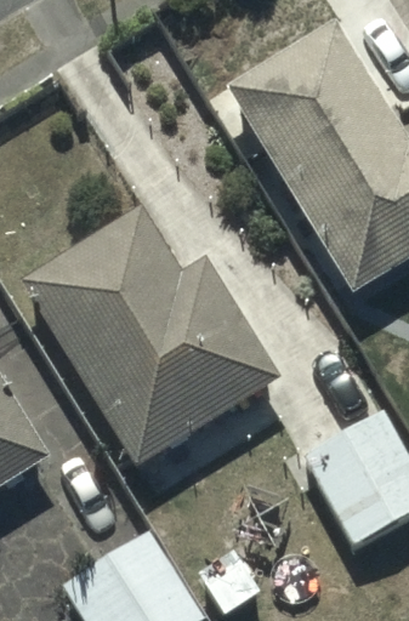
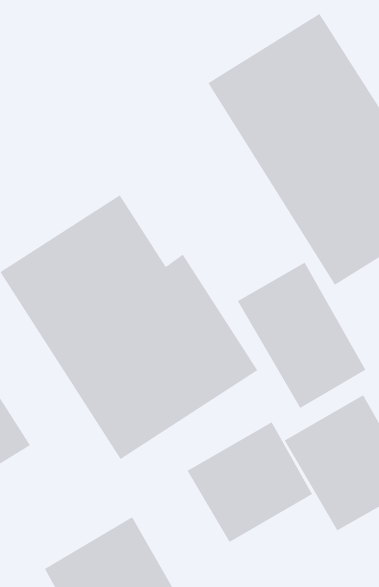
building: none -> [237,262,366,409]
building: none -> [187,422,313,543]

